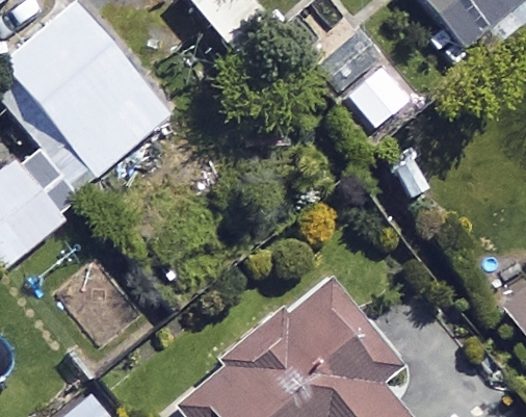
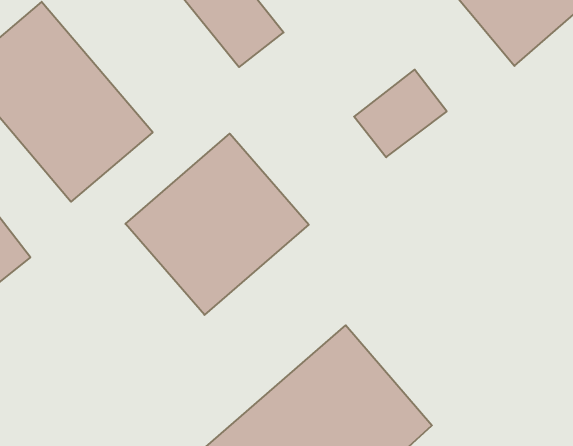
building: none -> [125,134,309,315]

